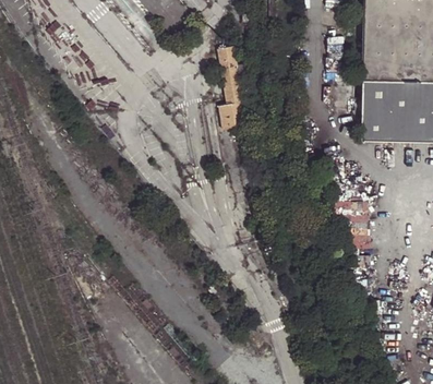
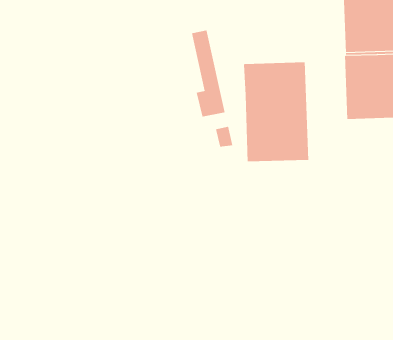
building: none -> [244,62,309,162]

